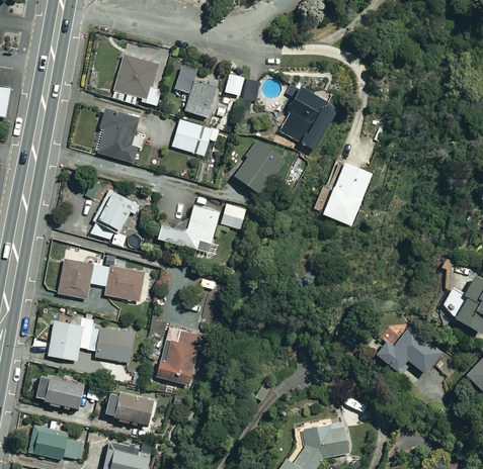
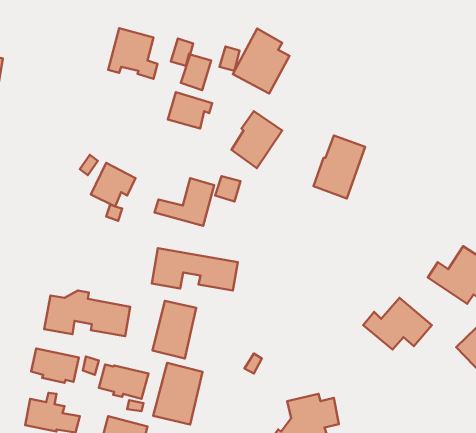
building: [278,86,335,151] -> [233,29,289,93]
building: [96,109,147,164] -> none
building: [59,259,145,301] -> [152,248,238,291]
building: none -> [153,363,202,425]

